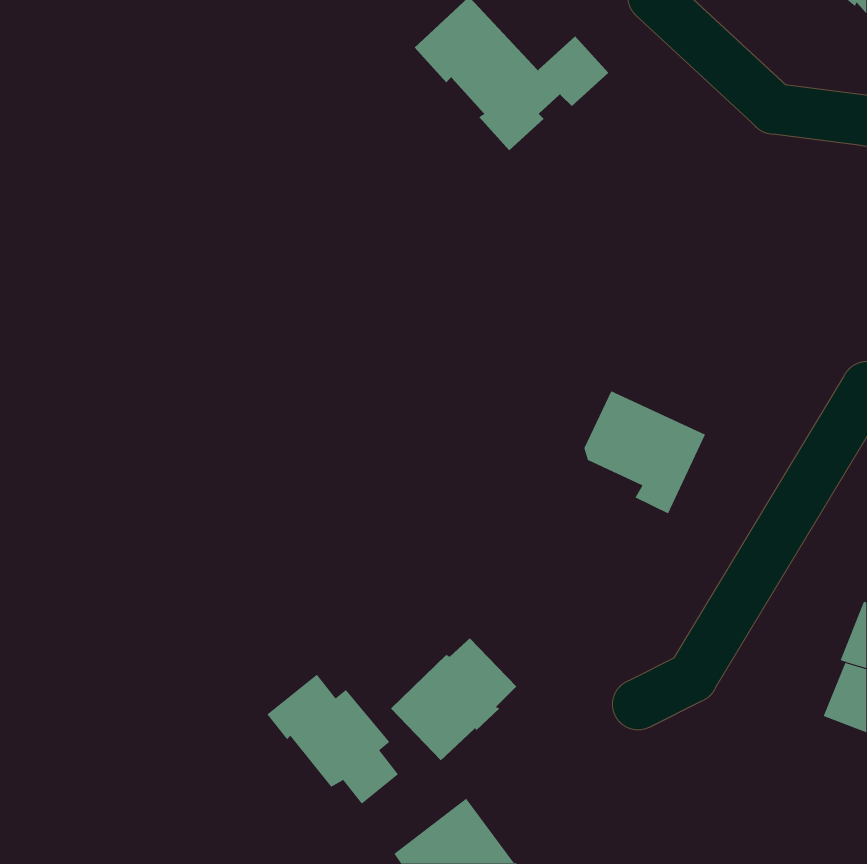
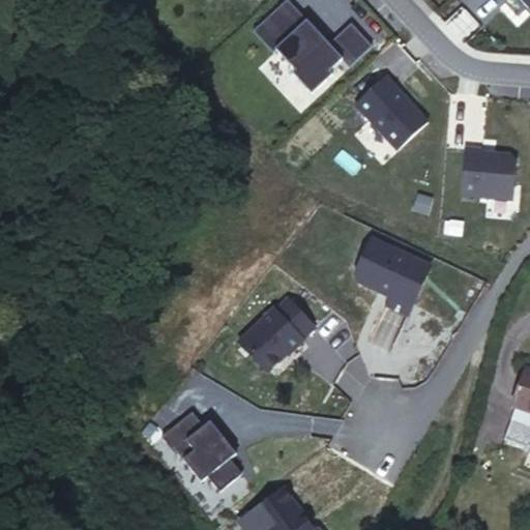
building: none -> [355,75,428,149]
building: none -> [461,146,516,198]
building: [390,637,517,761] -> [239,295,317,371]

